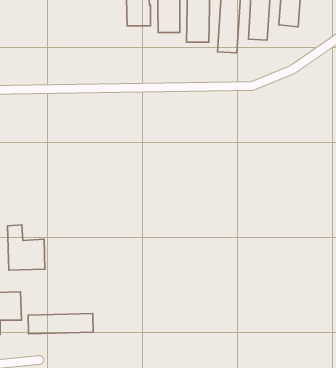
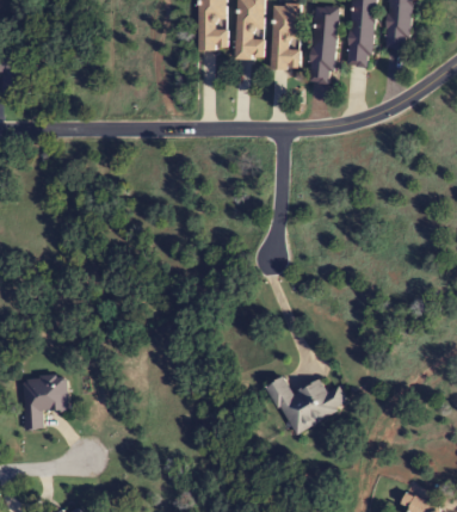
building: [7,225,45,270] -> none
building: none -> [267,376,350,434]
building: [28,313,93,334] -> none

